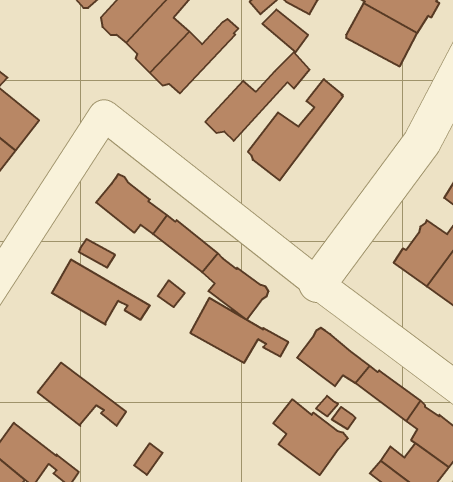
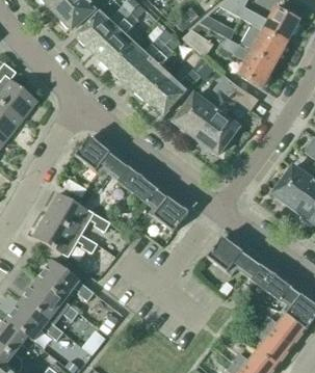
building: none -> [220,37,274,87]
building: none -> [130,45,174,102]
building: none -> [195,85,259,154]
building: [190,298,288,363] -> [33,214,98,257]
building: none -> [21,279,79,321]
building: [273,399,348,475] -> none

